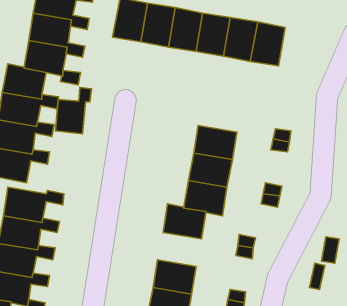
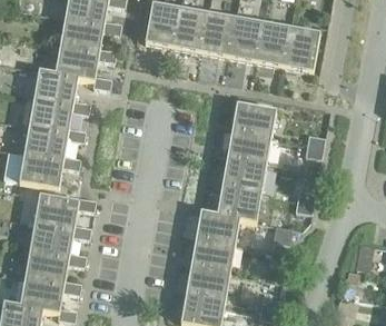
building: [55,88,92,134] -> none
building: none -> [231,101,276,137]
building: none -> [190,238,235,273]

